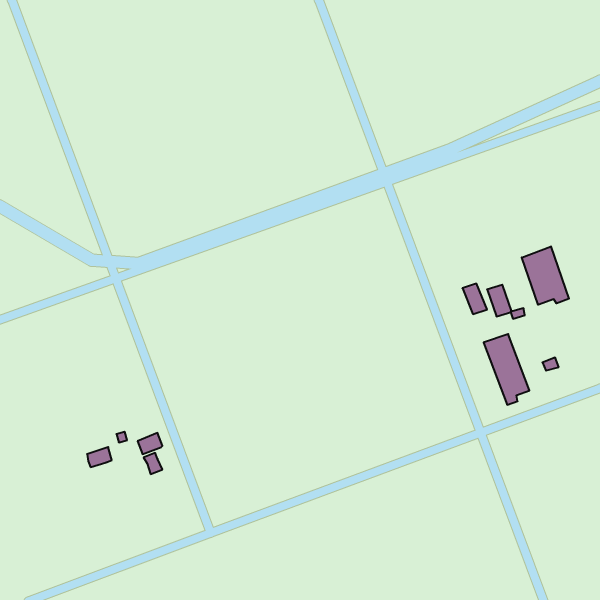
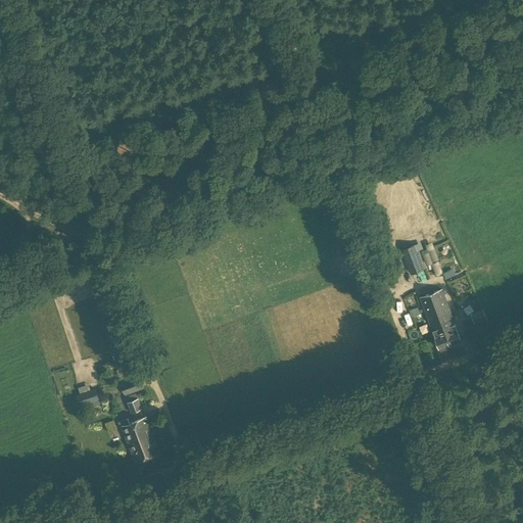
building: [522,246,569,305] -> none
building: none -> [118,419,157,462]

